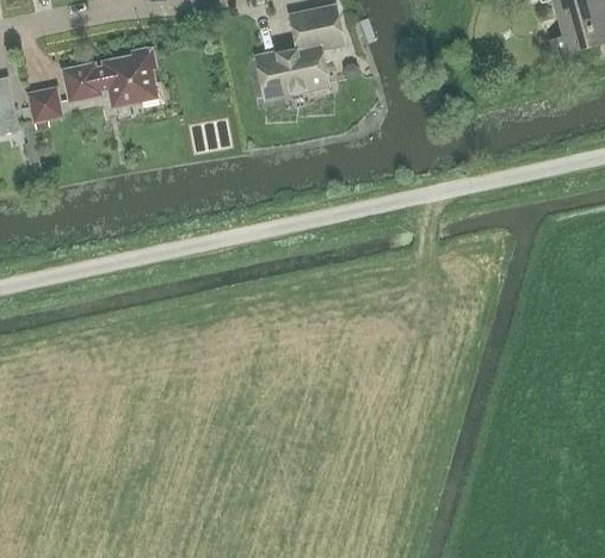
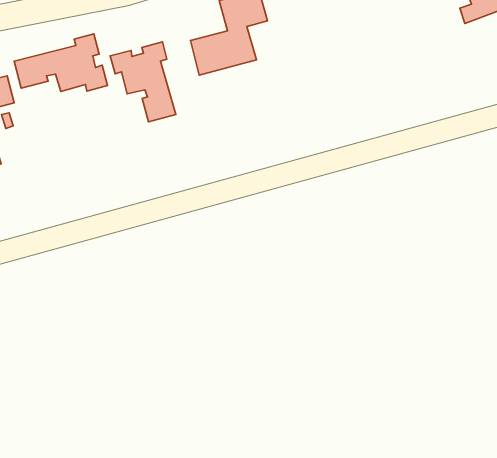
building: none -> [110,42,176,122]

